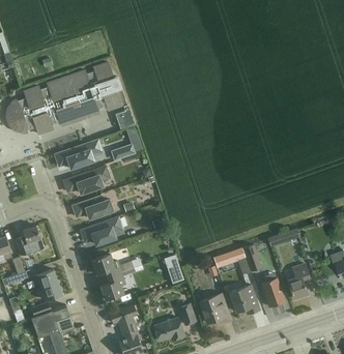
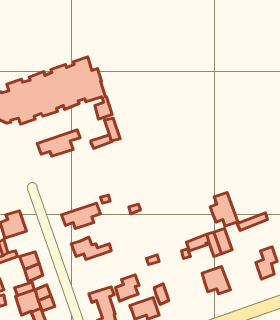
building: [64,167,109,194] -> none
building: [73,196,113,218] -> none
building: none -> [210,193,238,226]
building: [101,272,125,300] -> [116,275,139,301]
building: [262,277,285,306] -> none
building: [199,293,230,323] -> none

